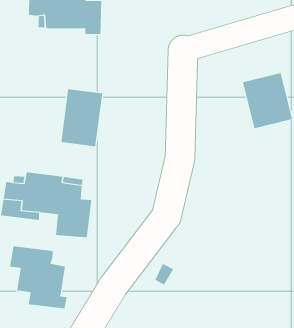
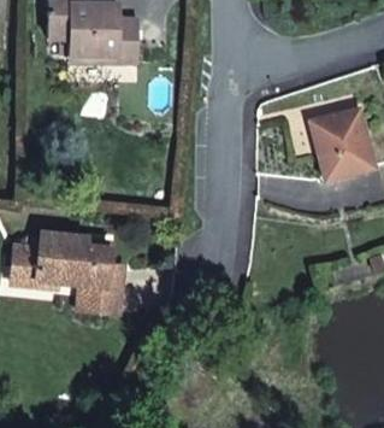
building: [61,88,103,147] -> none
building: [10,245,67,309] -> none

